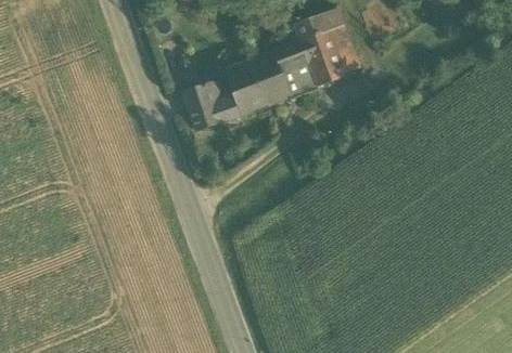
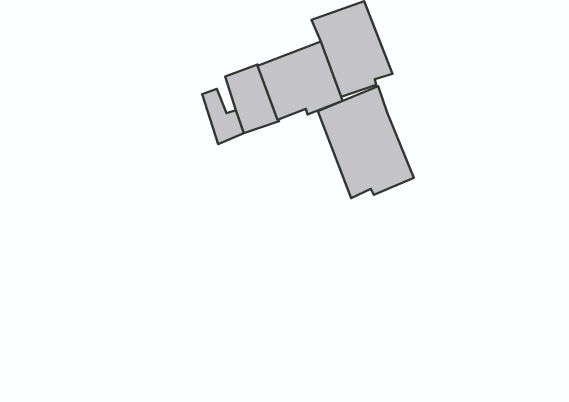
building: none -> [318,86,414,198]
building: [182,82,219,130] -> none

